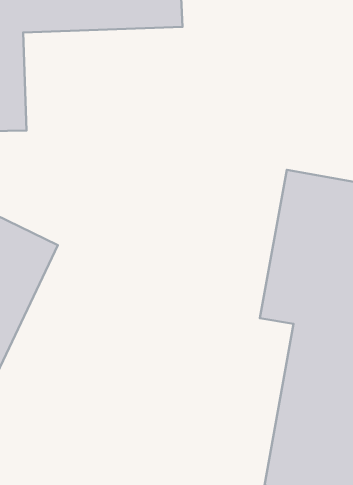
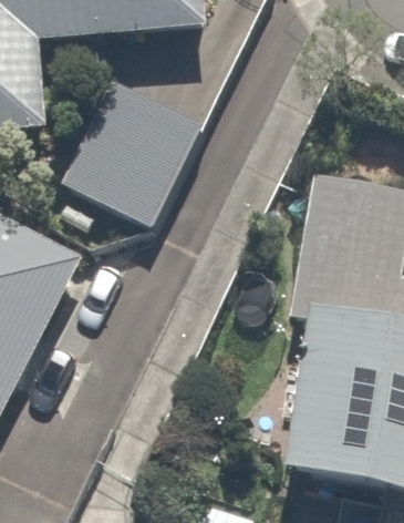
building: none -> [61,88,203,234]

